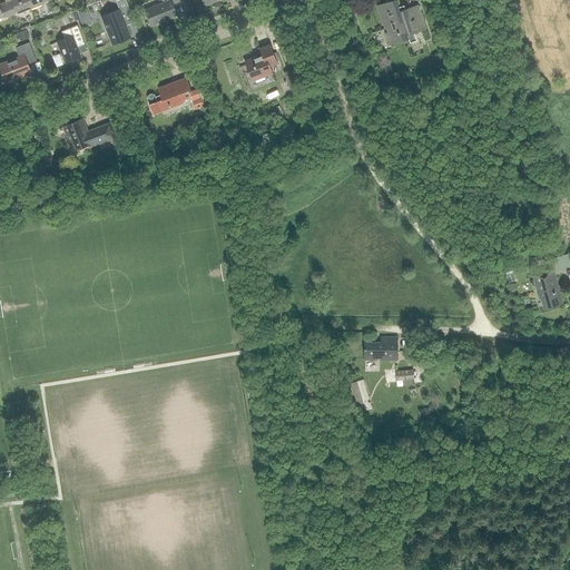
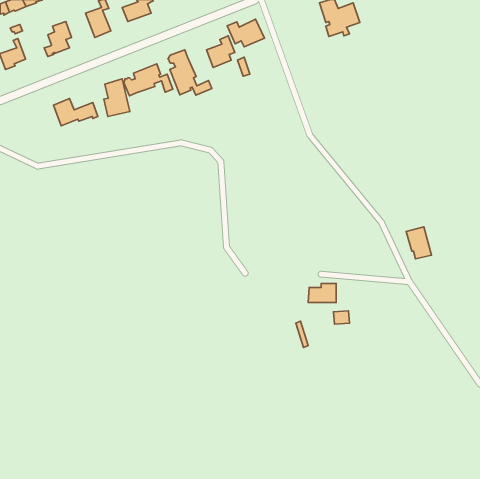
building: none -> [227,19,265,47]
building: none -> [168,50,212,95]
building: none -> [104,79,130,117]
building: [533,269,563,307] -> [406,227,431,259]

